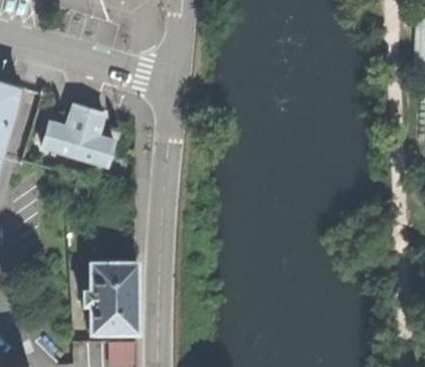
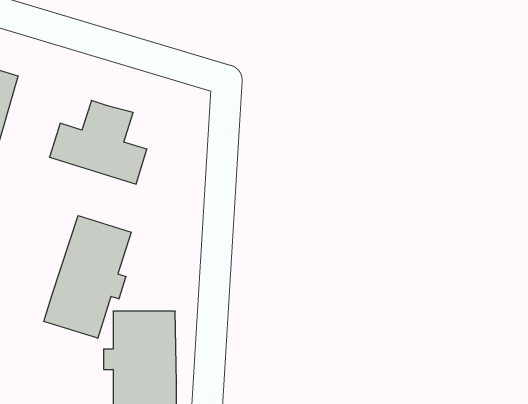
building: none -> [44,216,131,338]

